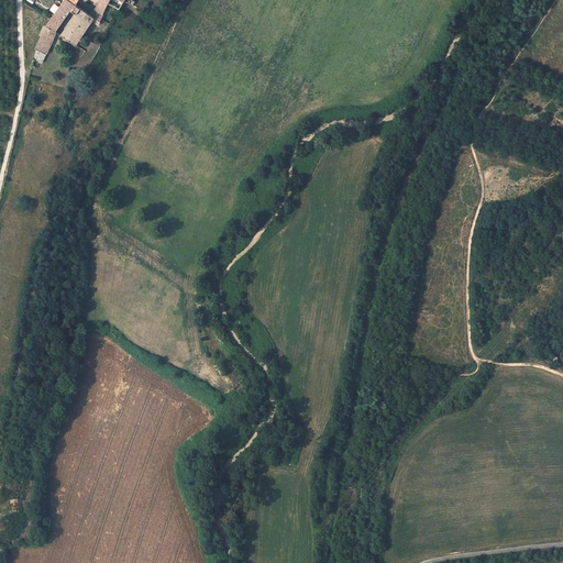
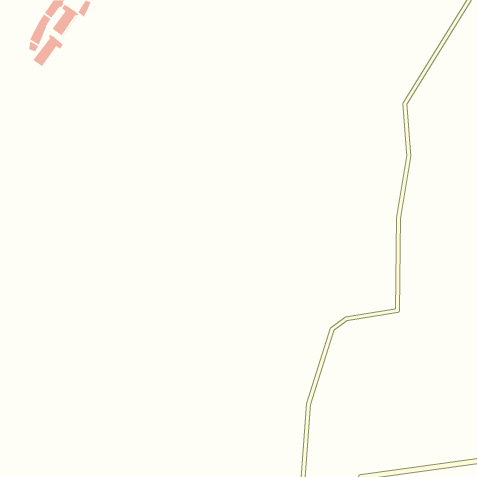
building: none -> [32,34,64,67]

